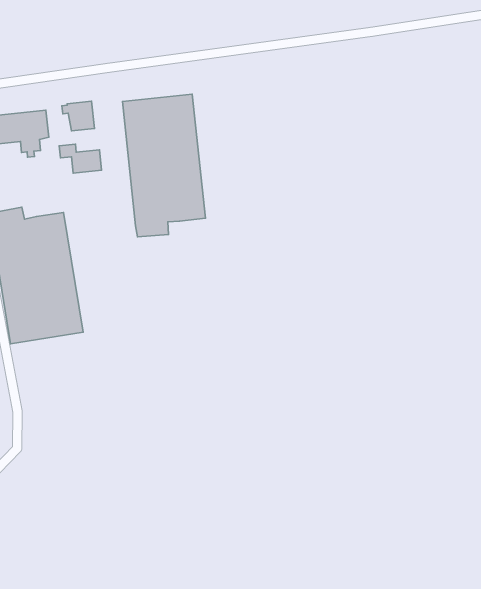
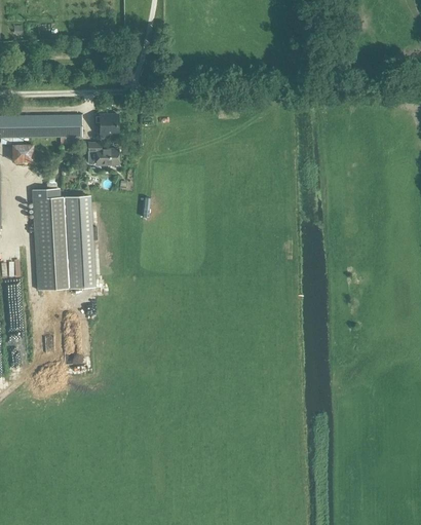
building: [123,94,205,237] -> none

